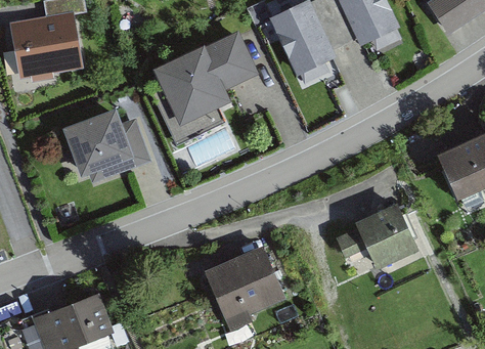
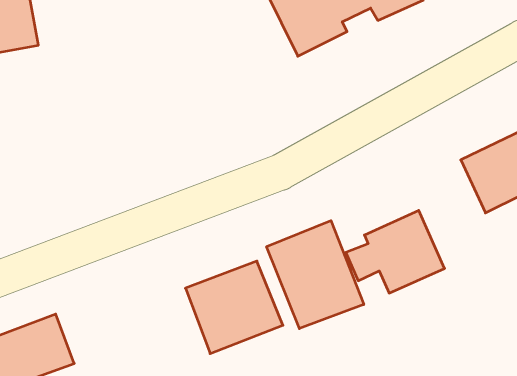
building: [153,36,258,127] -> none
building: [61,113,153,187] -> none
building: none -> [267,221,364,329]

